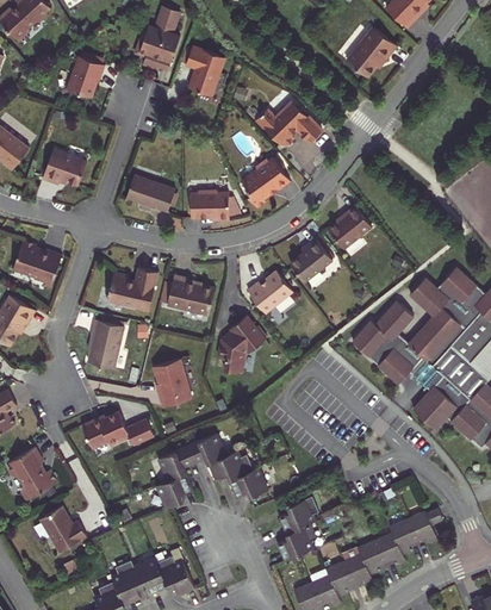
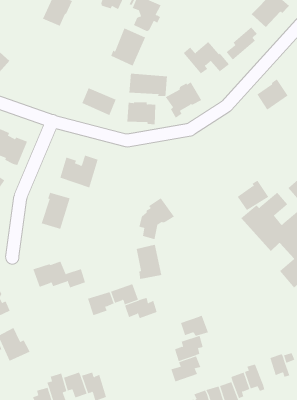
building: none -> [226,26,258,61]
building: none -> [110,28,146,66]
building: [42,150,87,186] -> none
building: none -> [129,73,168,97]
building: [328,206,371,250] -> [256,78,288,111]
building: [290,238,332,281] -> [237,180,269,211]
building: [247,270,292,313] -> none
building: [167,275,216,315] -> none
building: [154,359,192,407] -> [136,244,162,279]
building: [229,467,268,497] -> [180,315,209,337]
building: [156,473,193,508] -> none
building: [390,518,417,555] -> none

